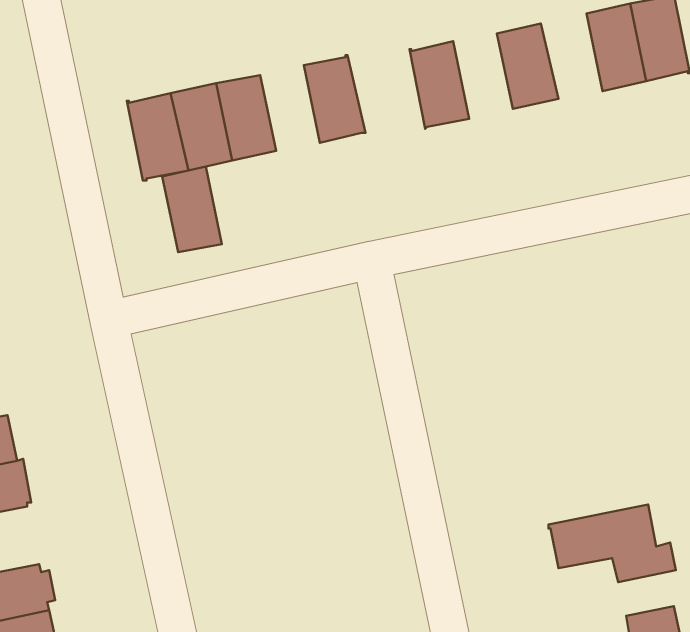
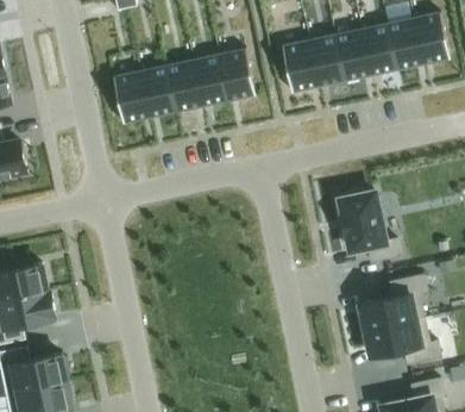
building: none -> [359,24,396,75]
building: none -> [307,36,343,87]
building: [162,167,222,252] -> [191,55,227,106]
building: none -> [338,189,398,262]
building: none -> [359,275,426,330]

